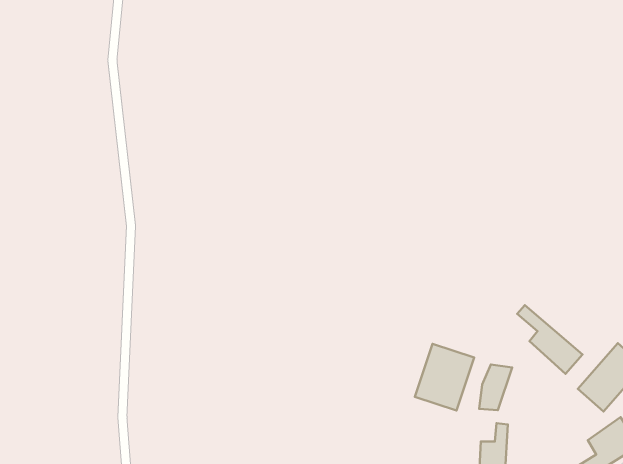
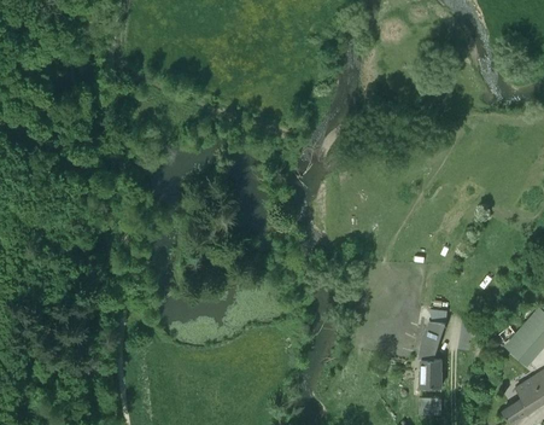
building: [517,305,583,374] -> none
building: [415,344,474,411] -> none

